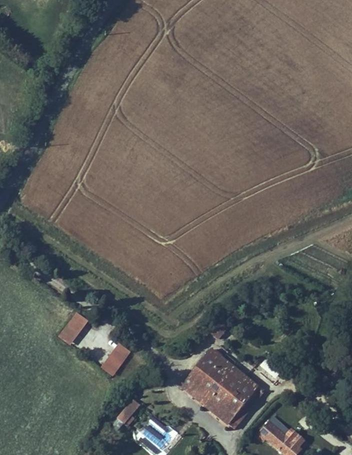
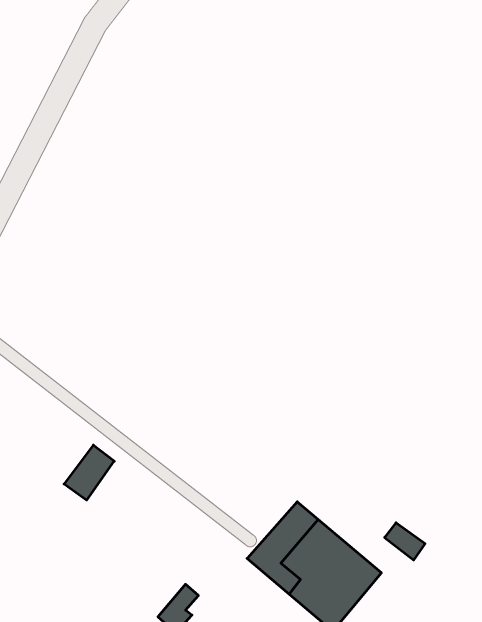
building: [104,340,134,374] -> none

